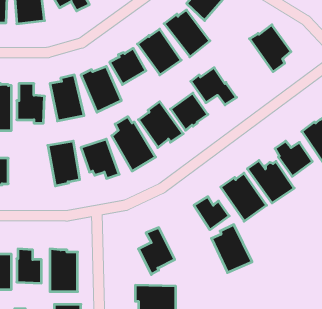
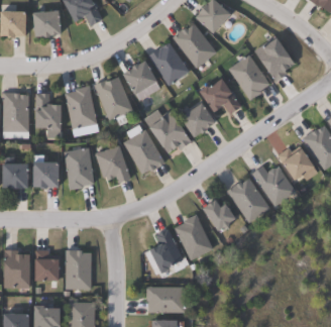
building: none -> [229,53,270,99]
building: none -> [31,162,57,188]
building: [211,225,252,273] -> [176,214,214,259]

